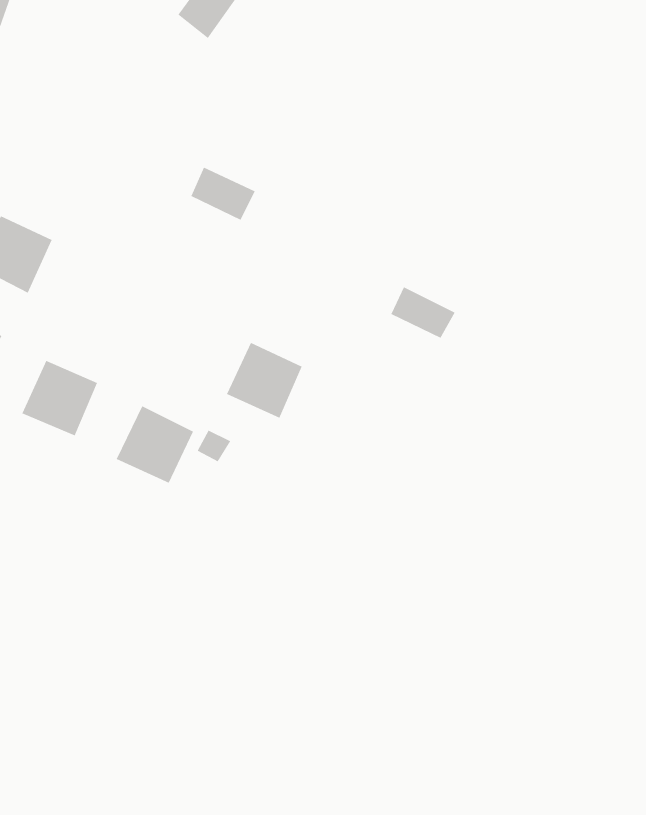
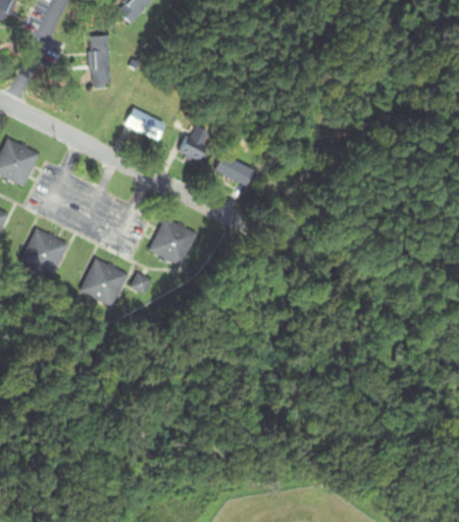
building: none -> [89,35,109,85]
building: none -> [176,133,209,162]
building: [391,286,456,338] -> [215,153,256,186]

